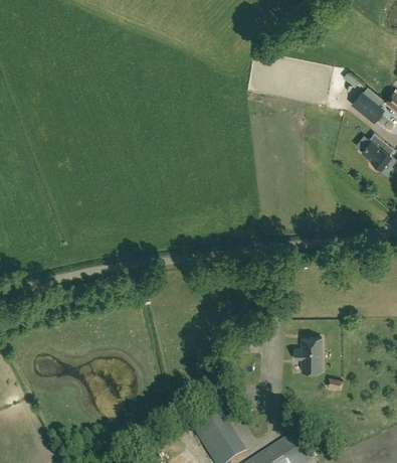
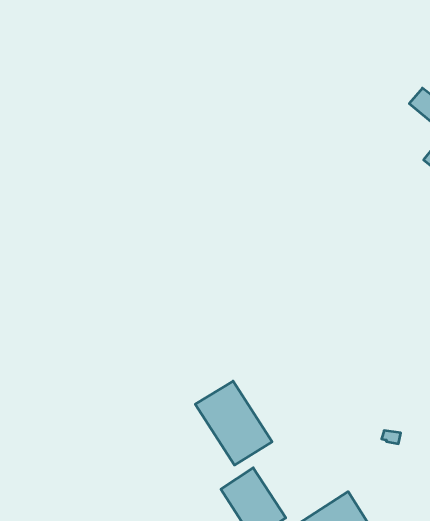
building: none -> [195,381,272,465]
building: [293,336,322,369] -> none

